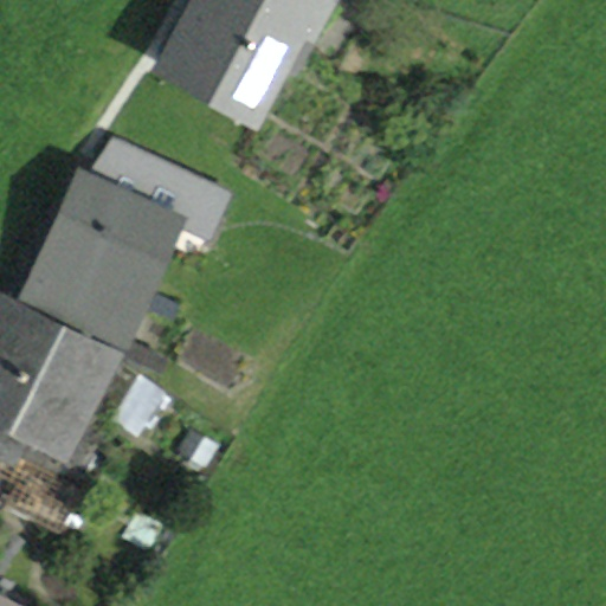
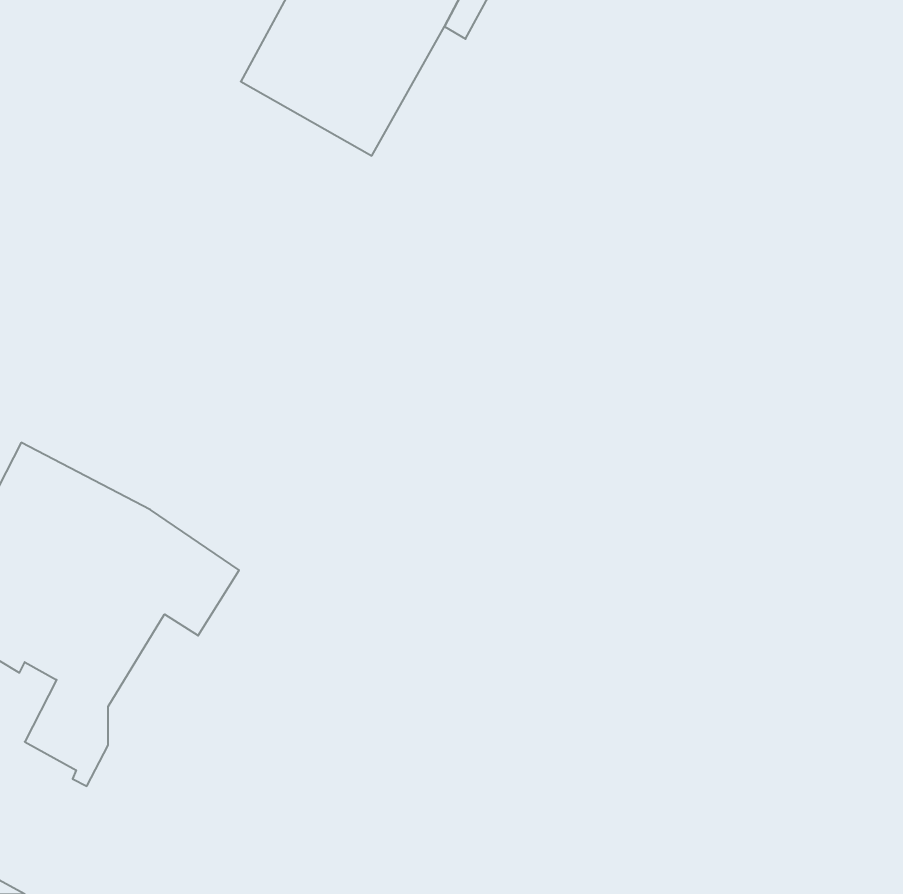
building: [30,138,221,331] -> none

